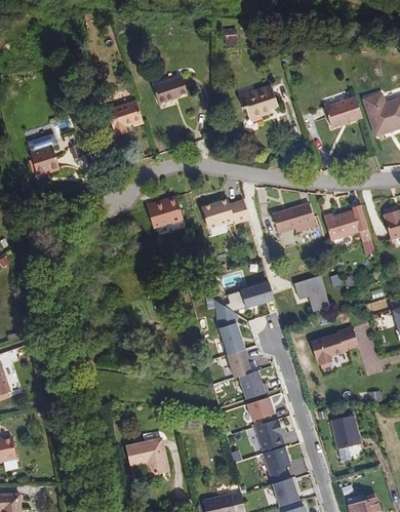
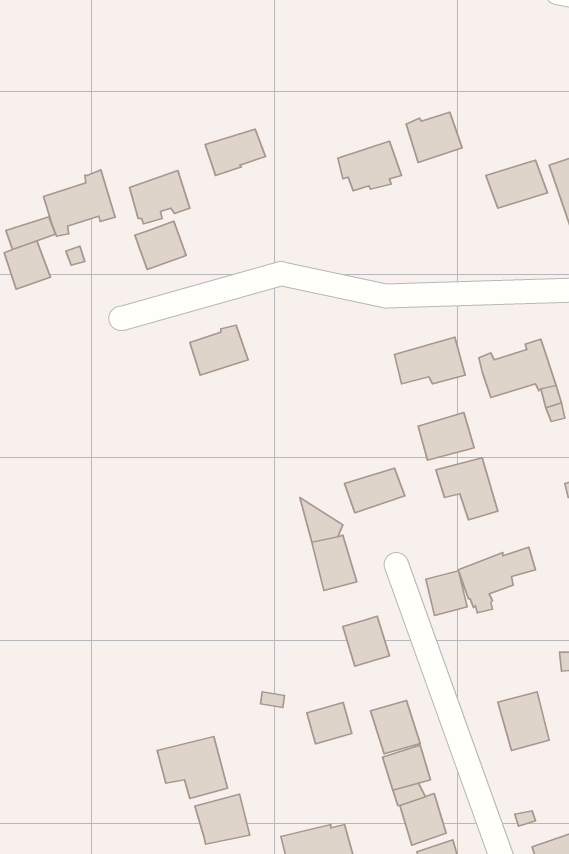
building: none -> [406,112,462,163]
building: none -> [43,170,115,236]
building: none -> [135,221,186,270]
building: [203,198,251,227] -> none
building: none -> [418,412,474,460]
building: [229,350,253,377] -> [426,571,467,615]
building: [249,397,276,422] -> [307,703,352,744]
building: none -> [195,794,250,844]

